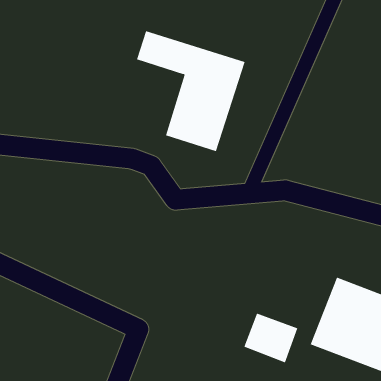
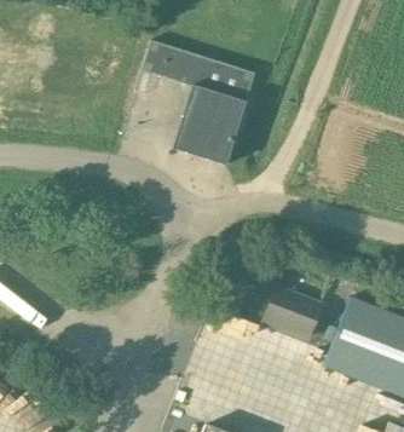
building: [244,313,298,363] -> [264,286,321,338]

